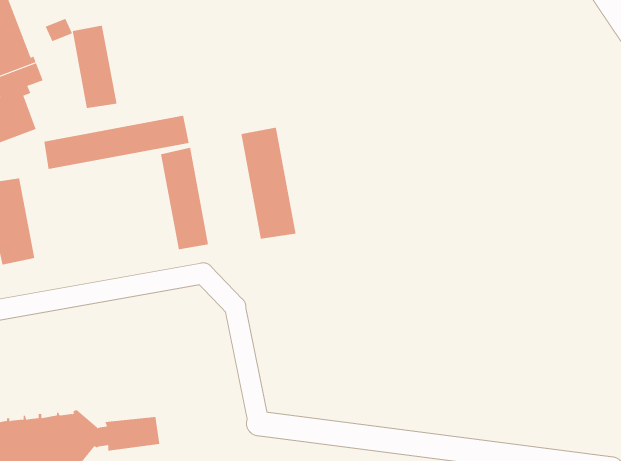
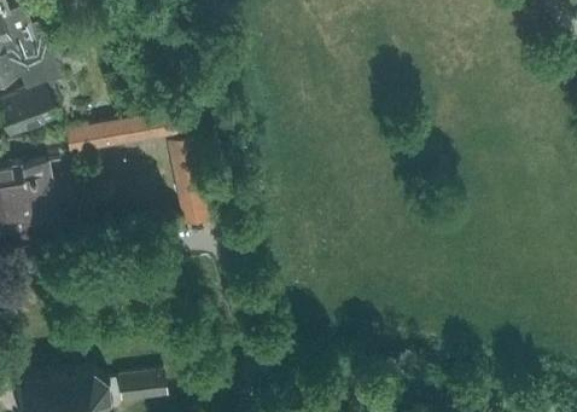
building: [72,25,117,109] -> none
building: [241,127,296,240] -> none

